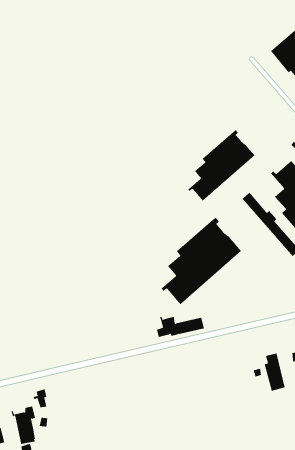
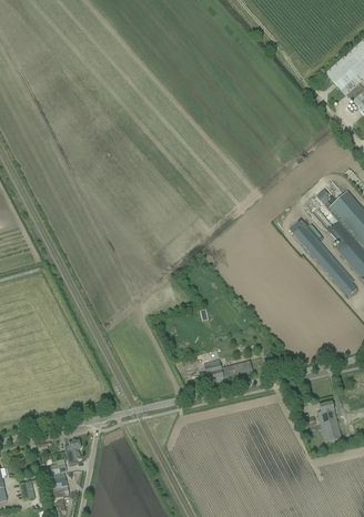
building: [188,129,255,202] -> none
building: [161,217,242,305] -> none

